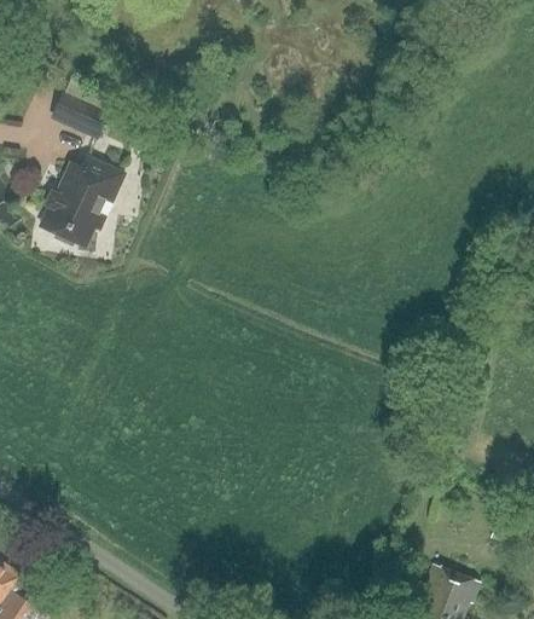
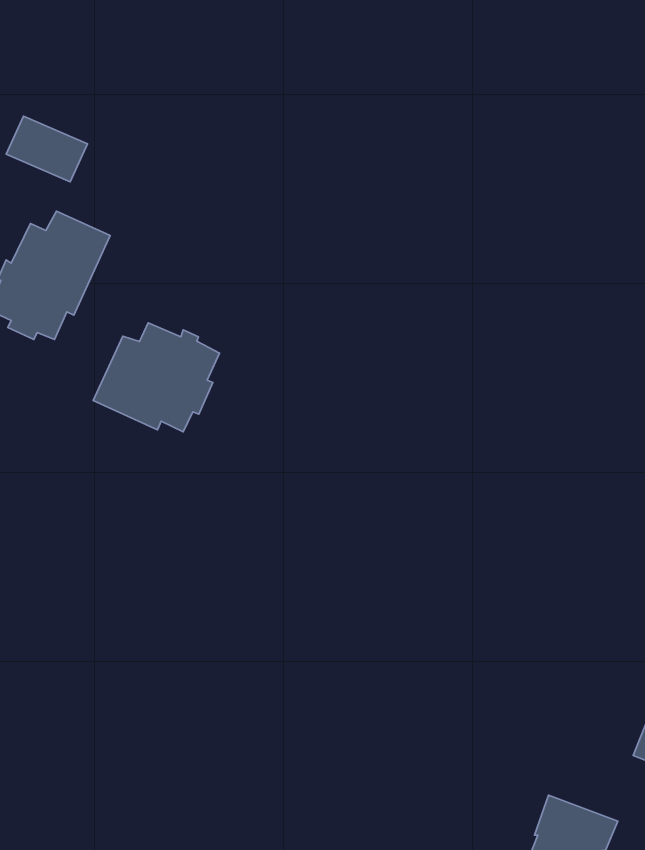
building: none -> [93,323,219,432]

